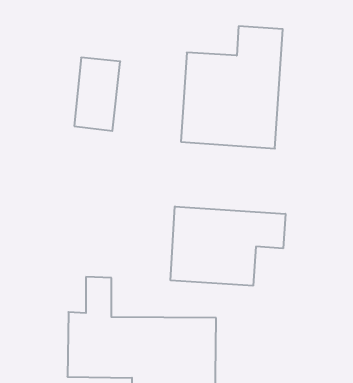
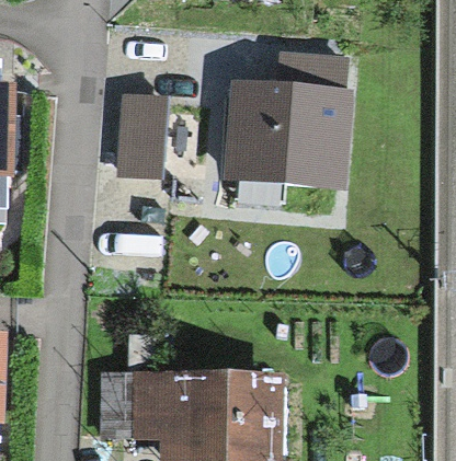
building: [171,206,285,286] -> none

